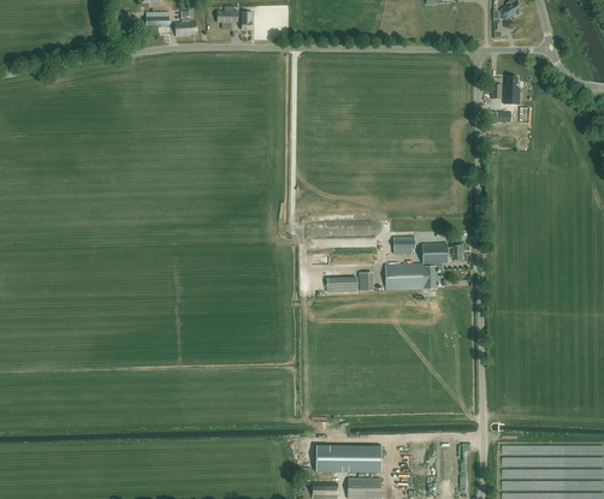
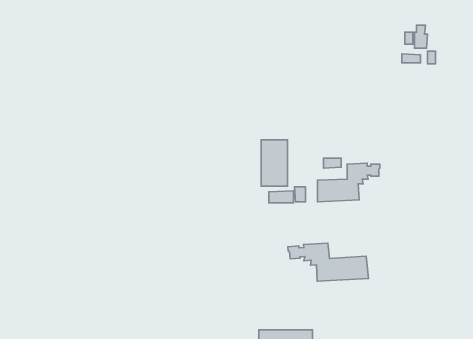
building: none -> [261,140,288,186]
building: none -> [288,243,368,281]

